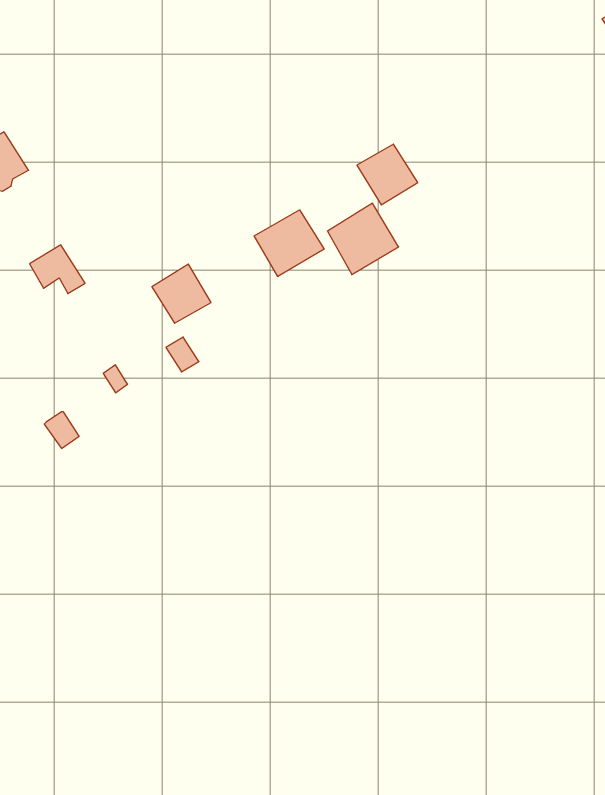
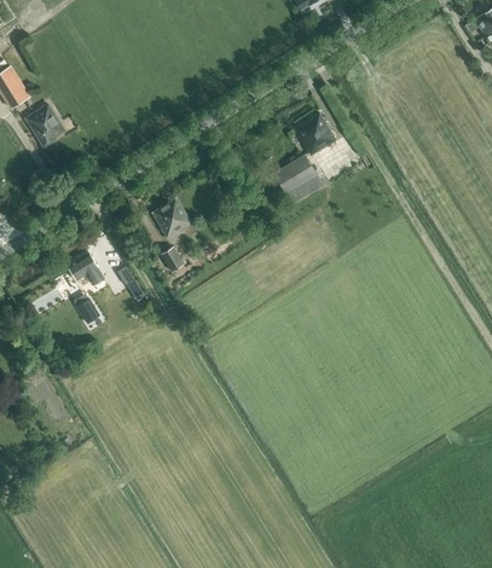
building: [254,210,324,277] -> none
building: [30,245,85,294] -> [66,251,105,285]

